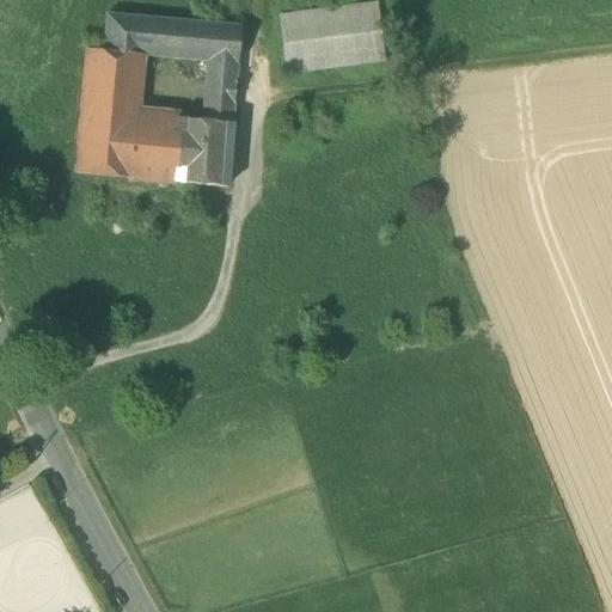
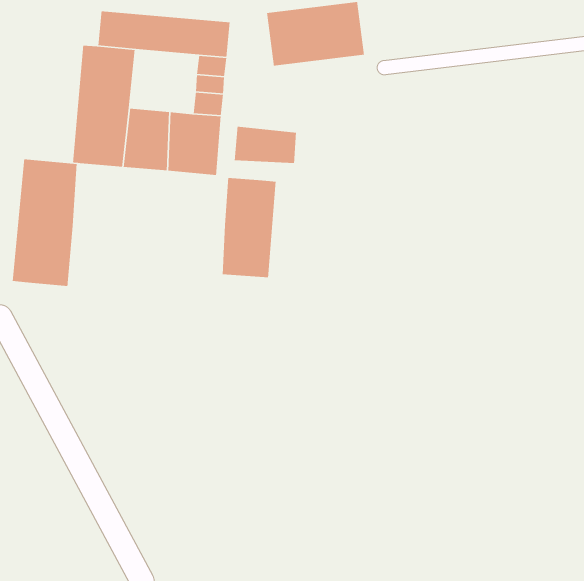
building: none -> [234,126,297,164]
building: none -> [12,159,77,287]
building: none -> [222,177,277,278]

